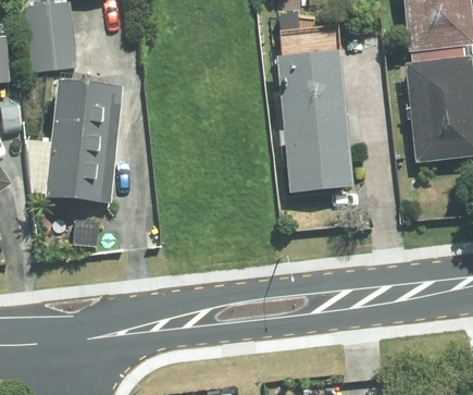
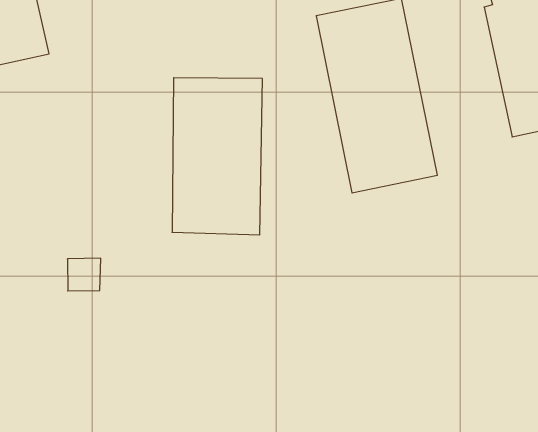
building: [45,79,124,203] -> [172,78,262,235]

